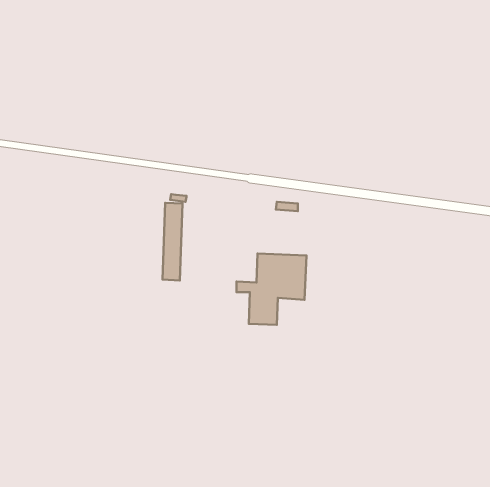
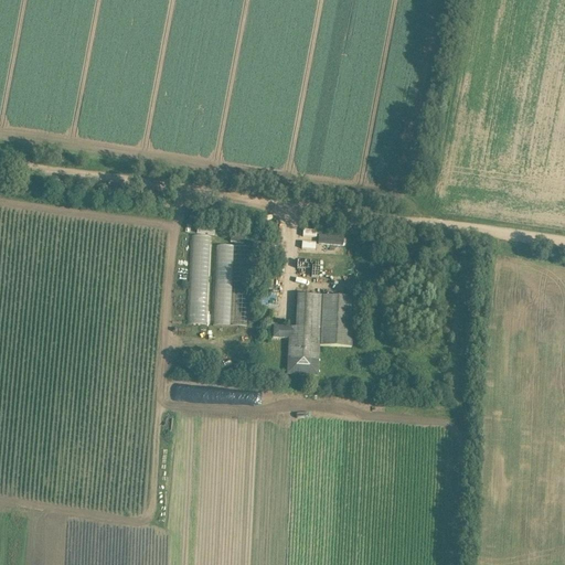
building: none -> [212,243,247,323]

